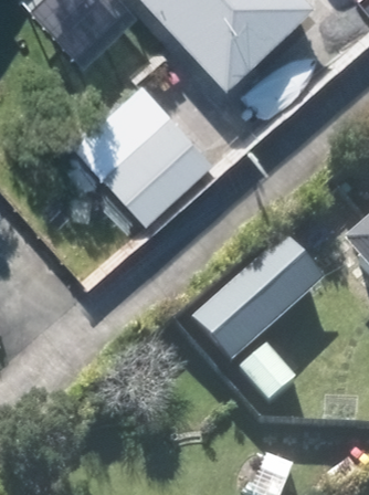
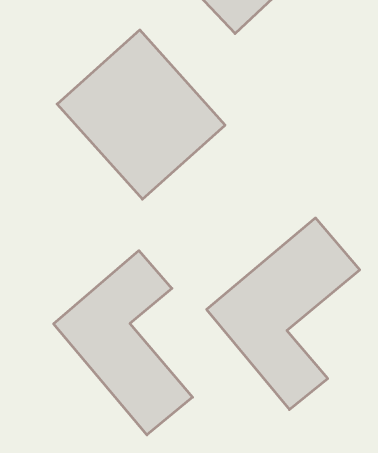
building: none -> [54,251,193,435]

